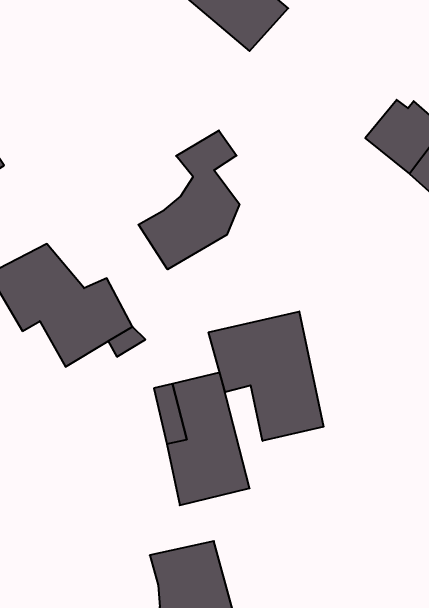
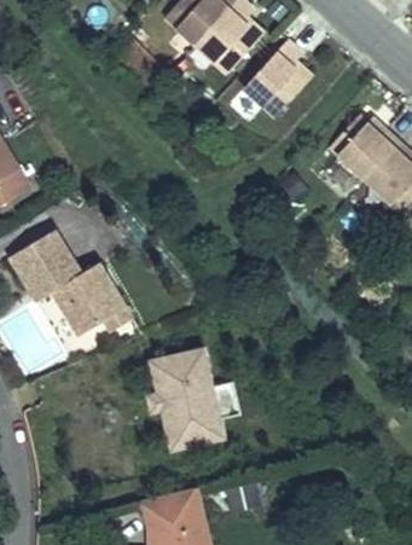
building: none -> [253,35,317,114]
building: [138,130,239,269] -> none
building: [209,311,324,441] -> none

